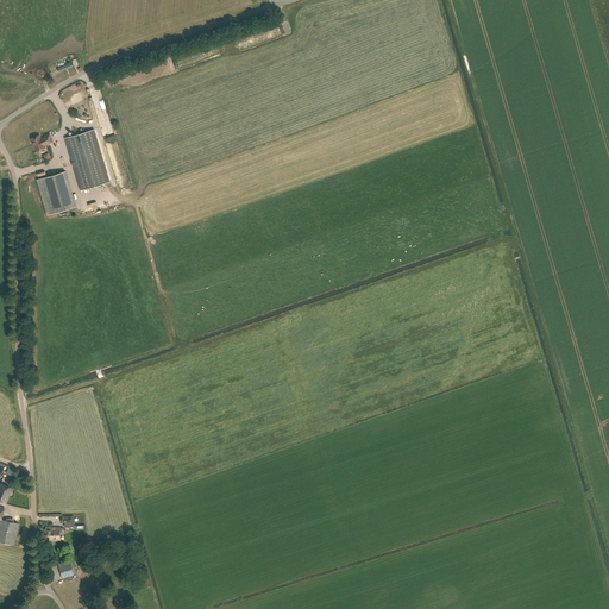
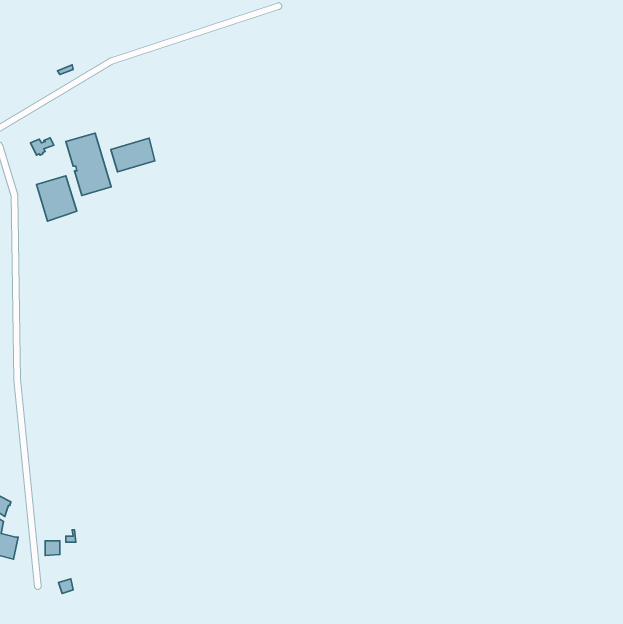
building: none -> [111,138,155,172]

